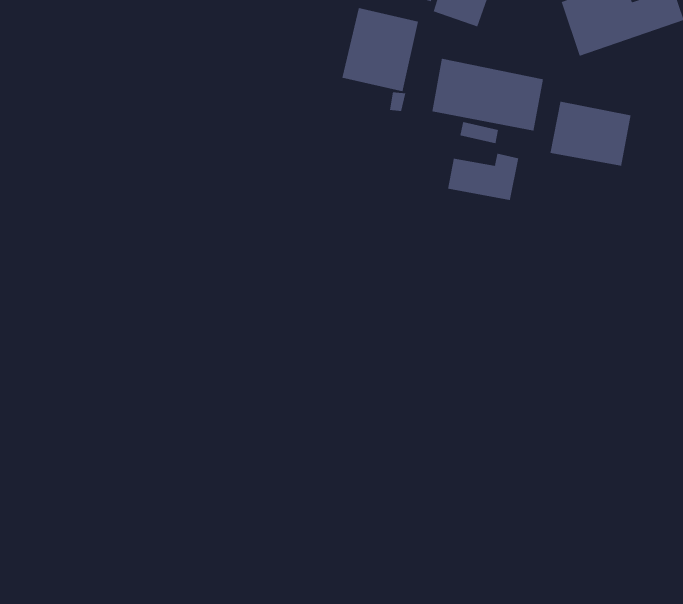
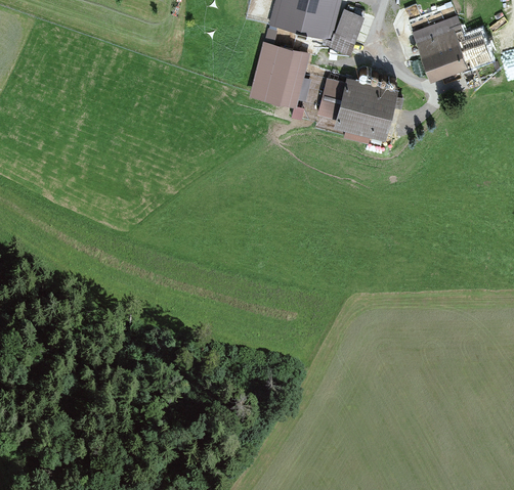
building: [550,101,631,167] -> none
building: [448,153,519,201] -> none

